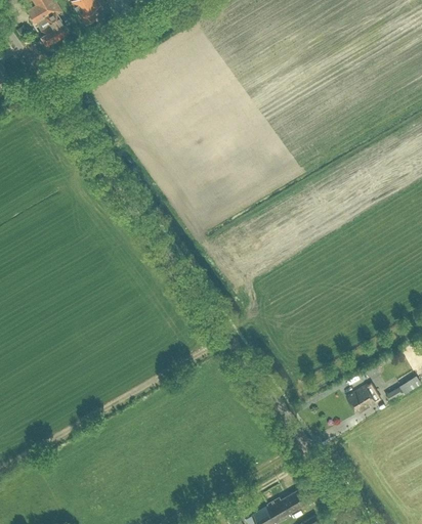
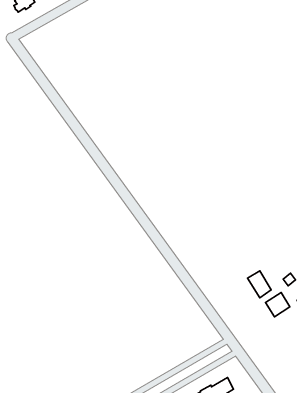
building: none -> [248,271,271,298]

